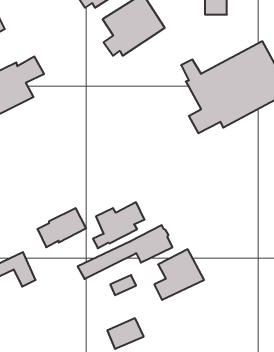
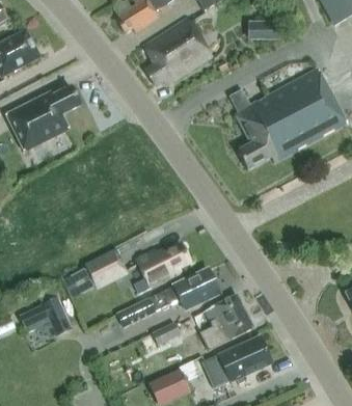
building: none -> [205,335,272,387]

